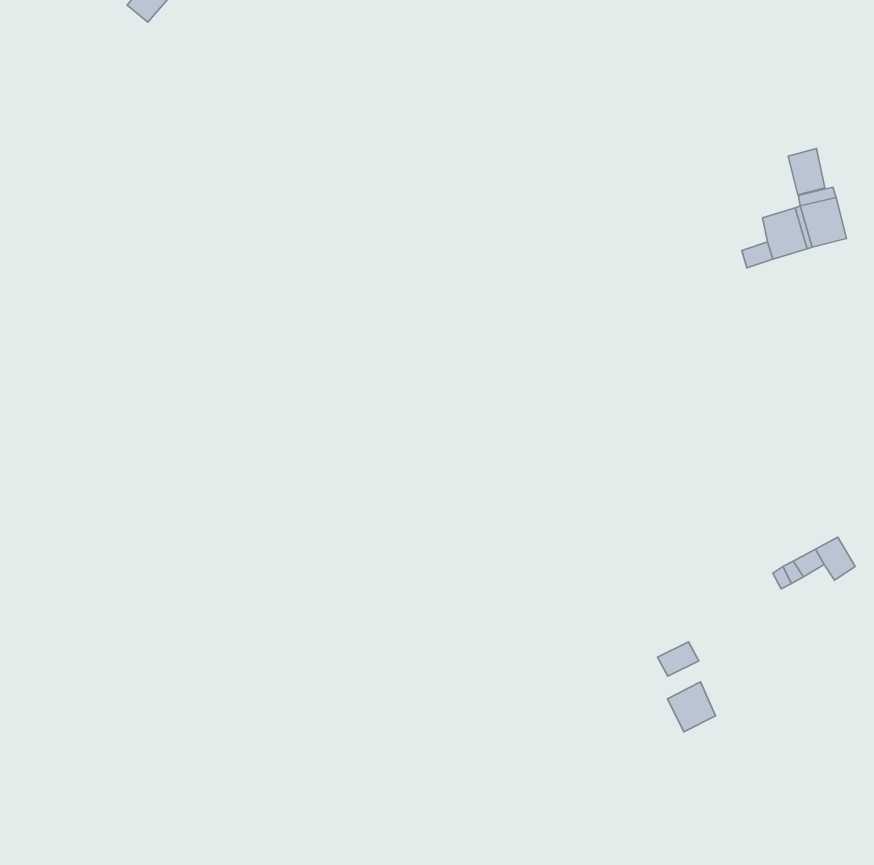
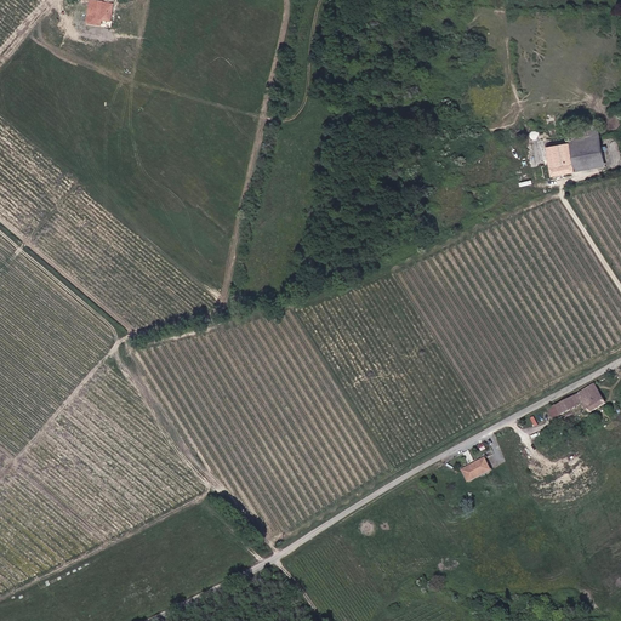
building: [788,149,825,195] -> none
building: [667,682,716,732] -> none

